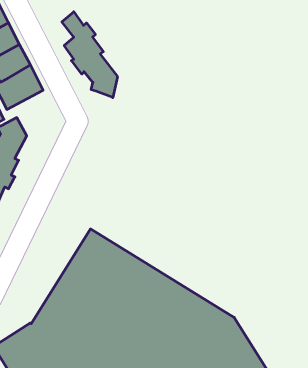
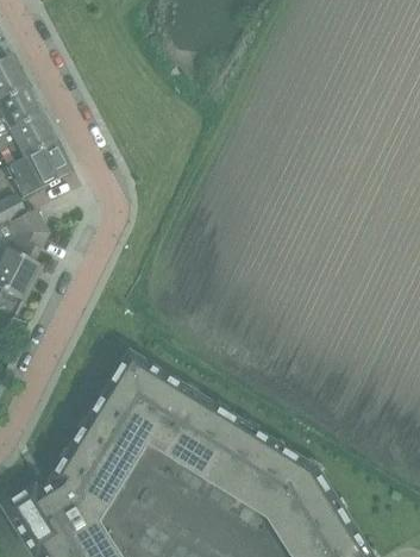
building: [62,12,117,98] -> none

